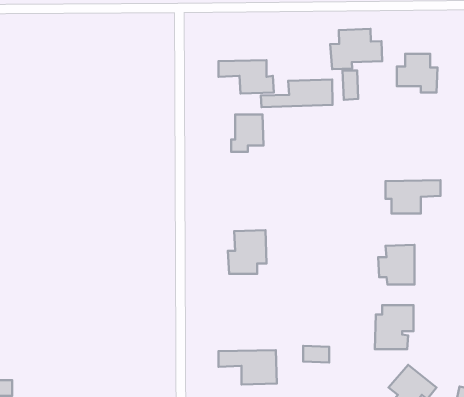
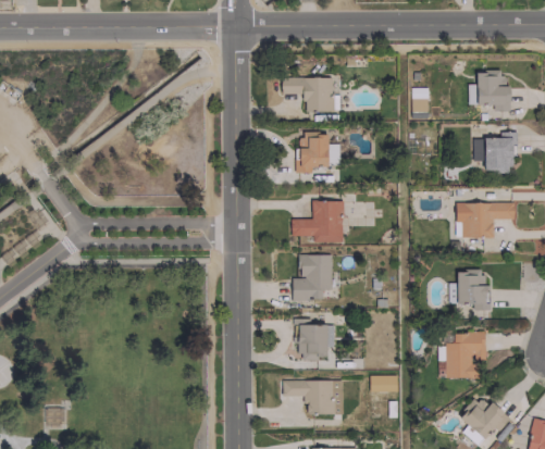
building: [330,29,382,69] -> none
building: [261,79,333,107] -> none
building: none -> [473,132,516,172]
building: none -> [293,200,344,242]
building: none -> [297,319,327,359]

